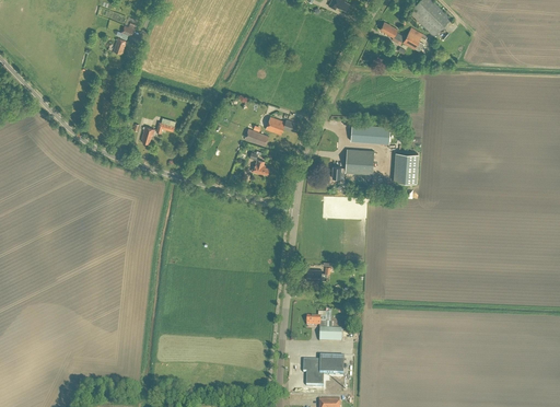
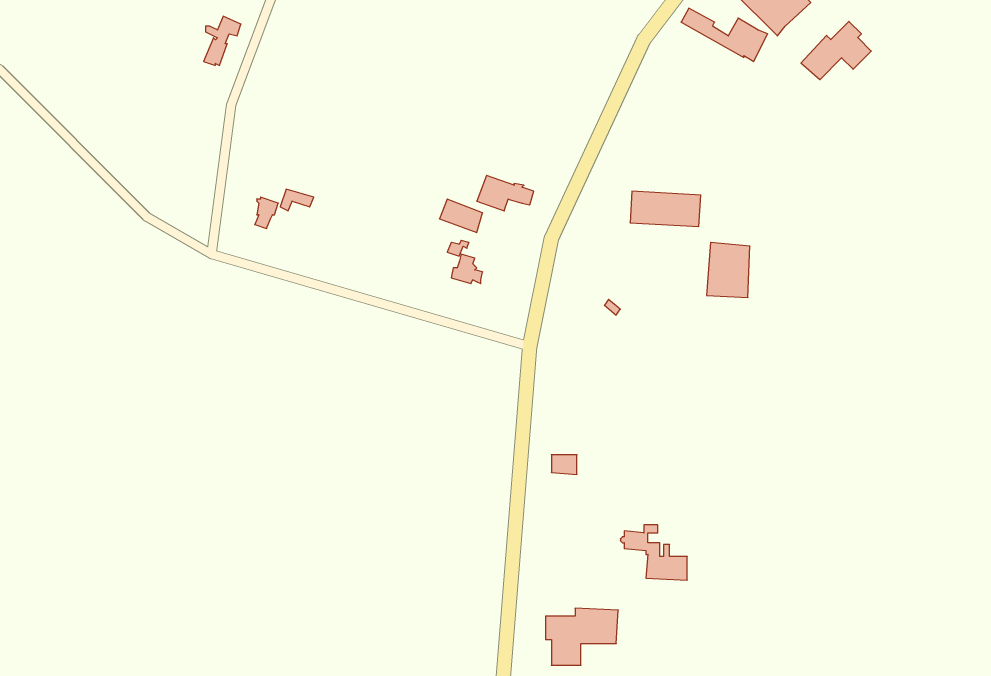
building: none -> [801,21,871,80]
building: [332,149,374,178] -> none
building: [305,311,342,341] -> [620,525,687,580]

